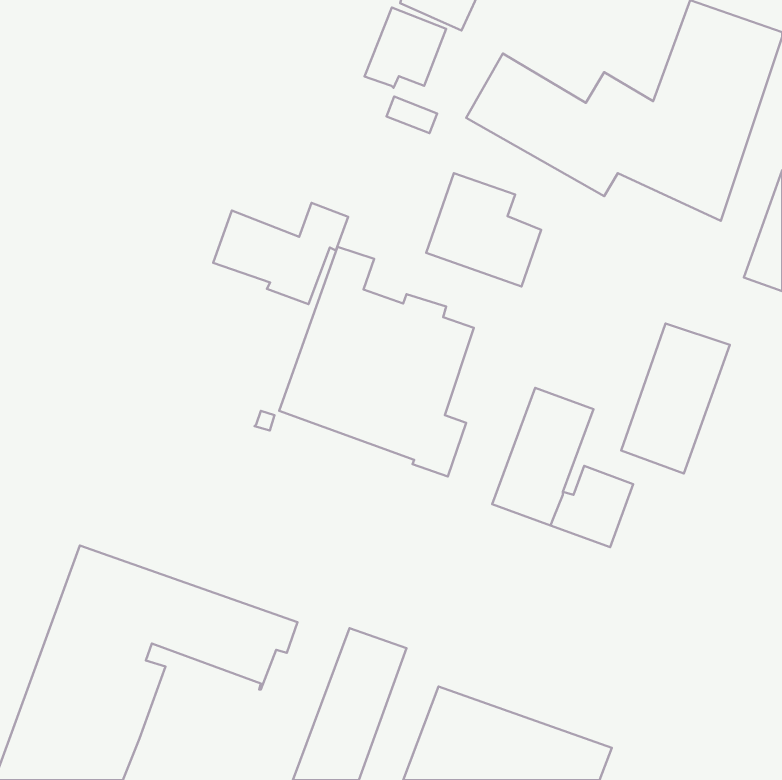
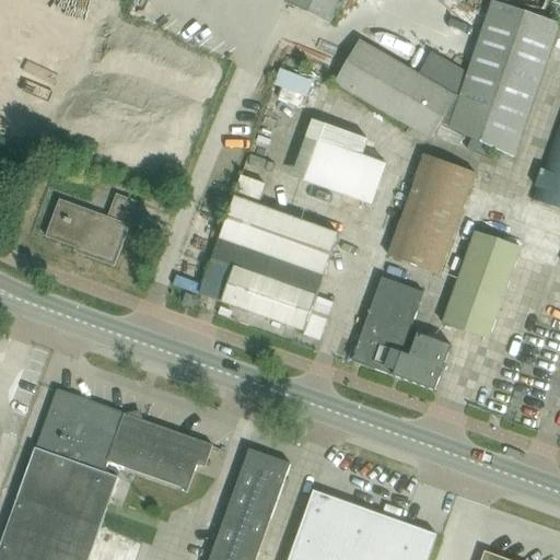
building: [364,8,446,88] -> none
building: [213,203,348,304] -> [46,194,142,266]
building: none -> [387,154,474,273]

